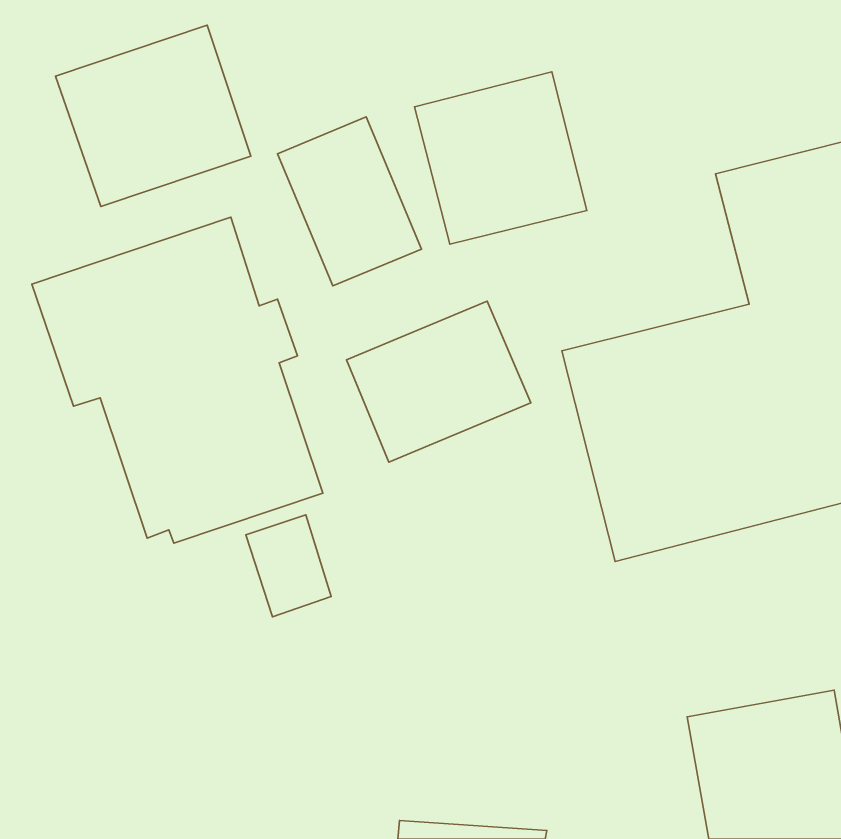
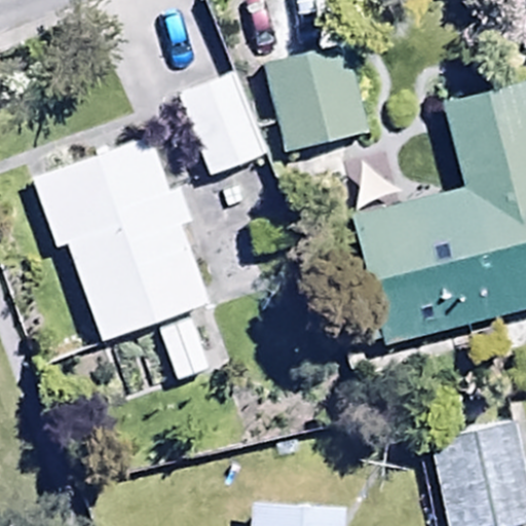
building: [55,25,251,206] -> none
building: [346,301,531,462] -> none

